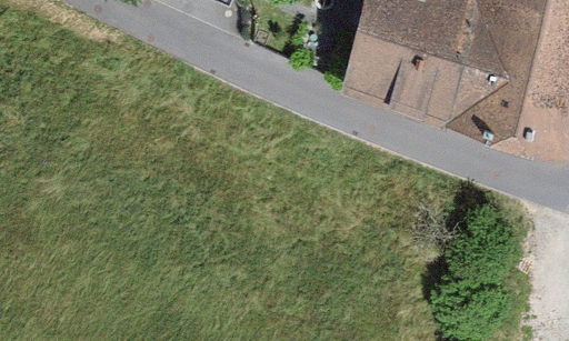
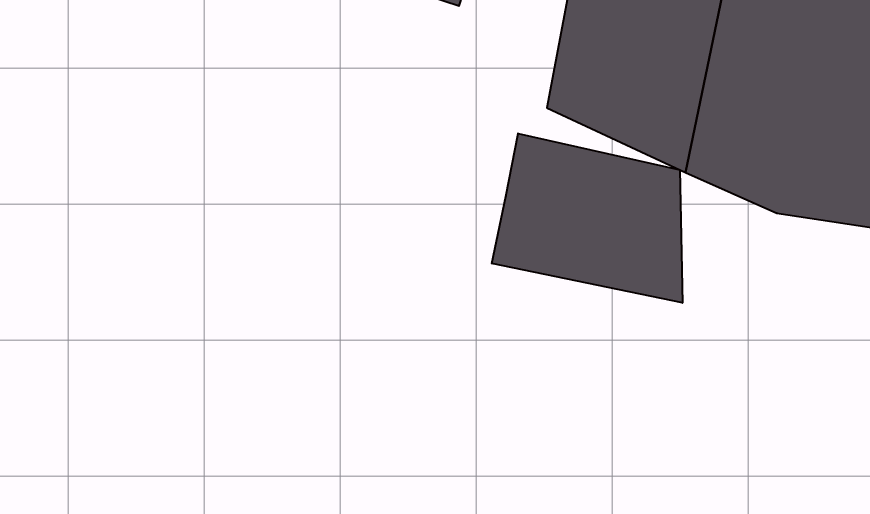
building: none -> [492,133,682,303]

